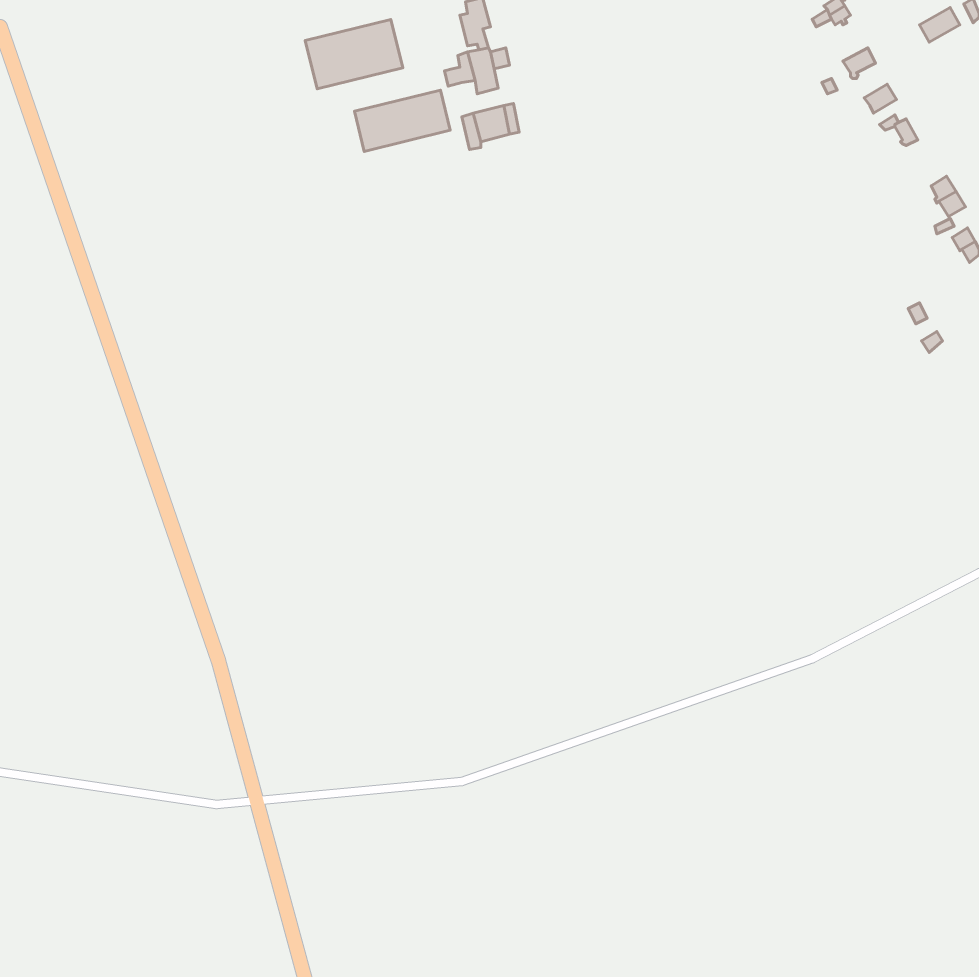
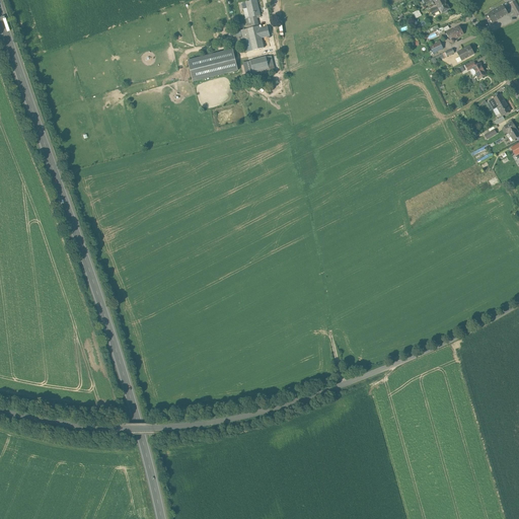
building: [305,20,403,89] -> none

